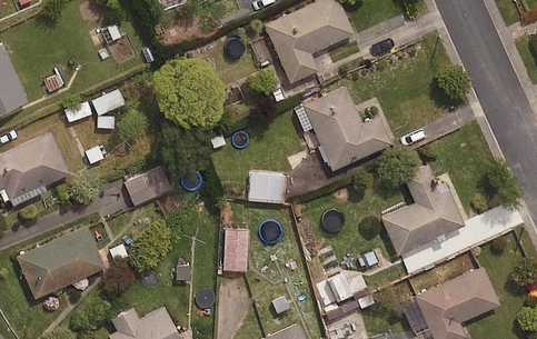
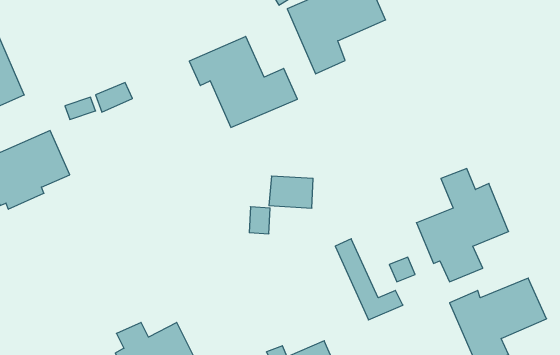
building: [294,88,391,170] -> [189,36,297,127]
building: [125,169,171,207] -> none
building: [16,225,103,299] -> none
building: [220,231,247,272] -> none

